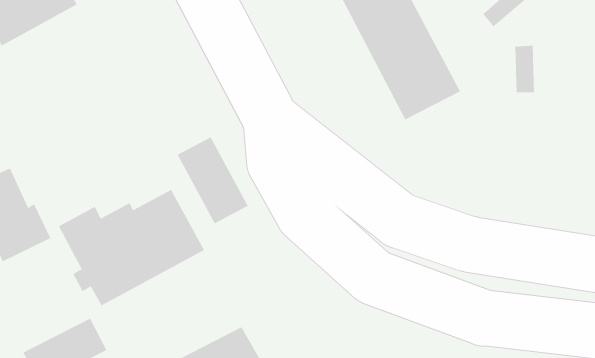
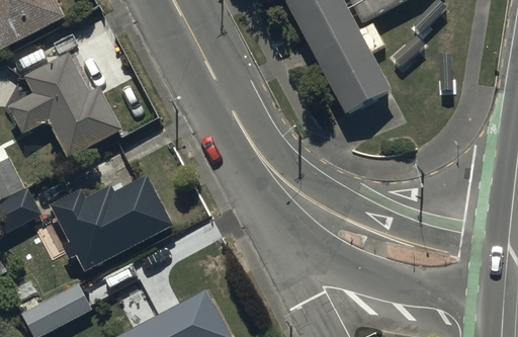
building: none -> [8,52,122,156]
building: [177,137,248,224] -> none

